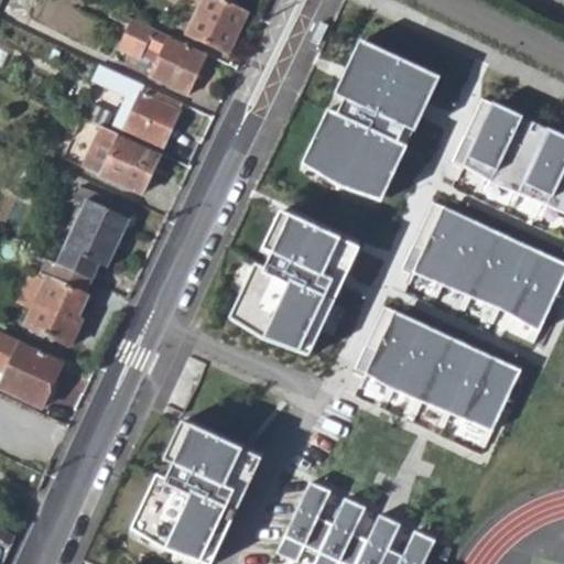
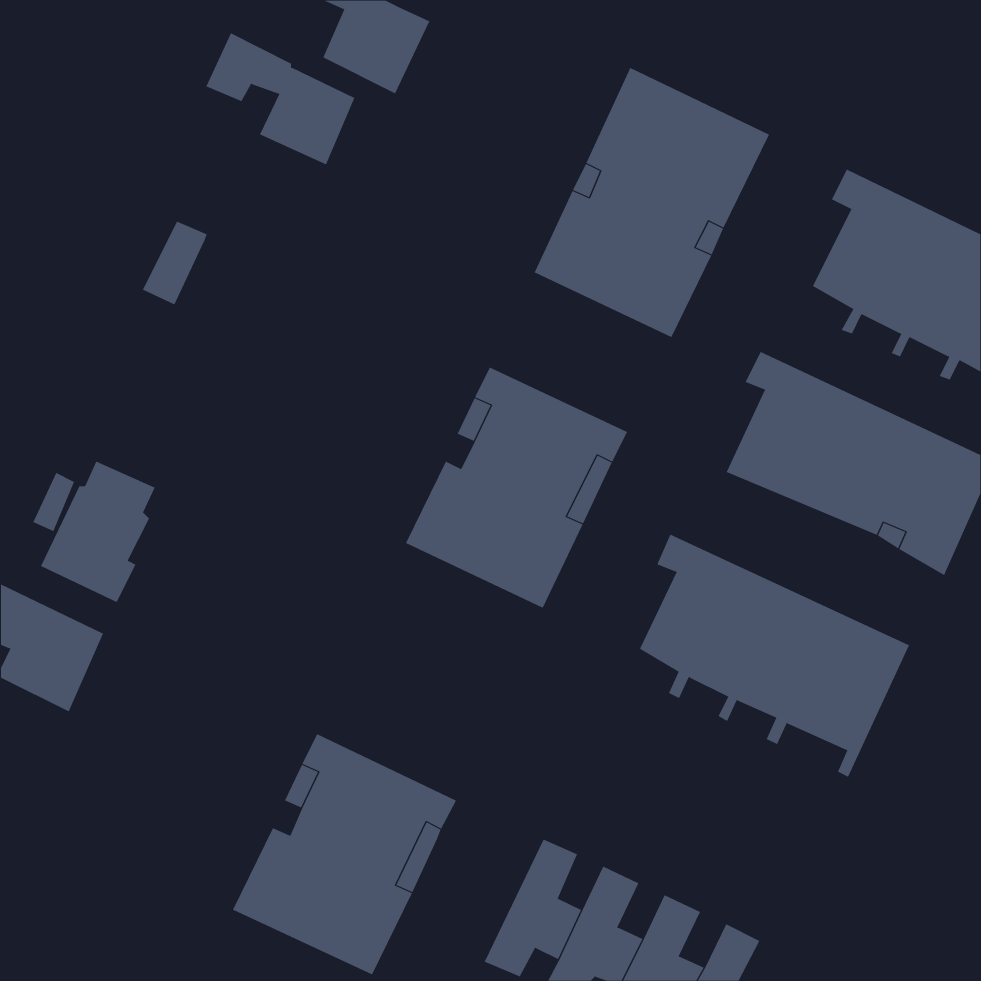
building: [91,65,181,147] -> none
building: [100,138,156,194] -> none
building: [55,186,127,280] -> none

